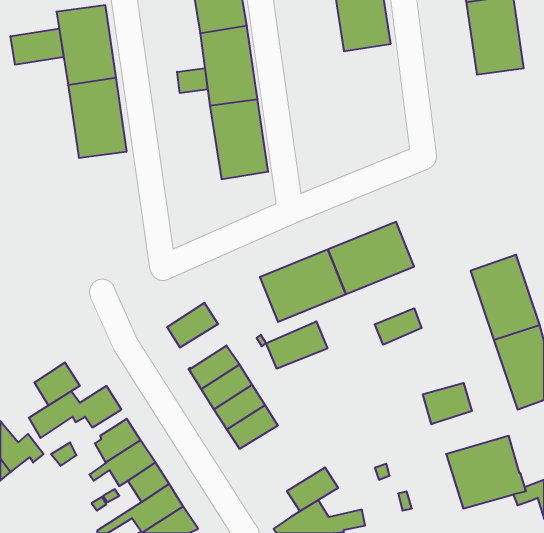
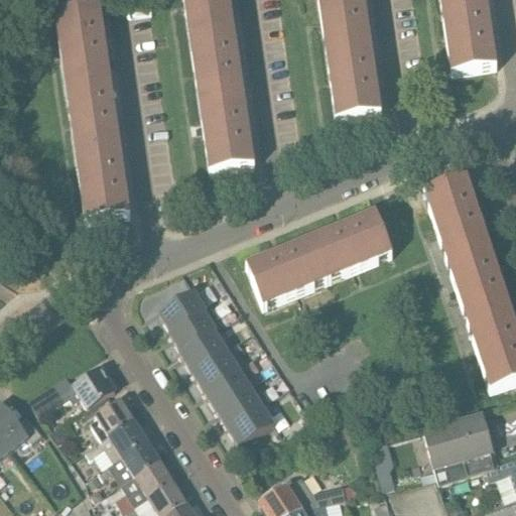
building: [11,29,64,65] -> none
building: none -> [326,41,381,117]
building: [177,68,208,93] -> none
building: none -> [75,143,130,219]
building: none -> [423,175,489,256]
building: [375,308,422,345] -> none
building: [266,321,327,369] -> none
building: none -> [168,307,217,349]
building: [34,362,80,406] -> none
building: [423,383,472,424] -> none
building: [287,468,338,511] -> [227,402,275,443]

